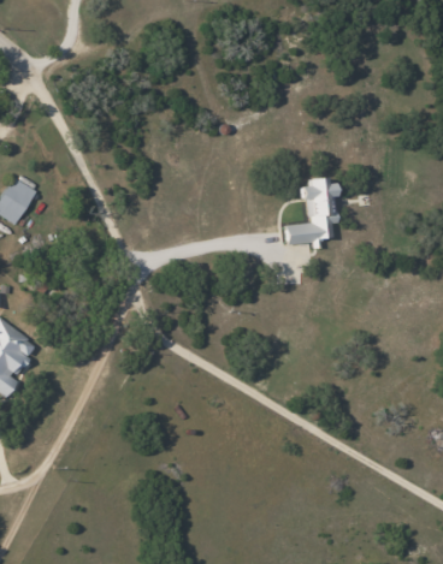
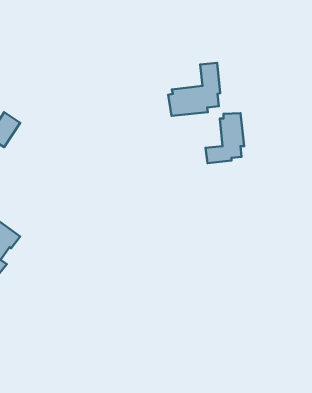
building: none -> [168,63,220,116]

